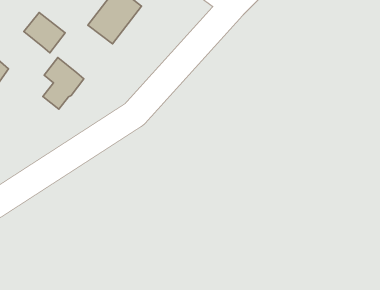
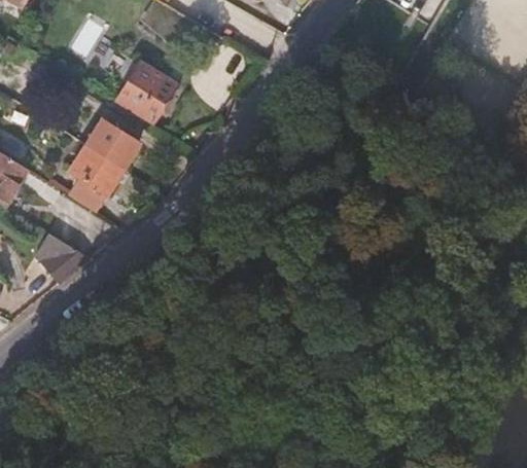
building: [24,13,65,53] -> [84,121,136,170]
building: none -> [37,233,89,281]

